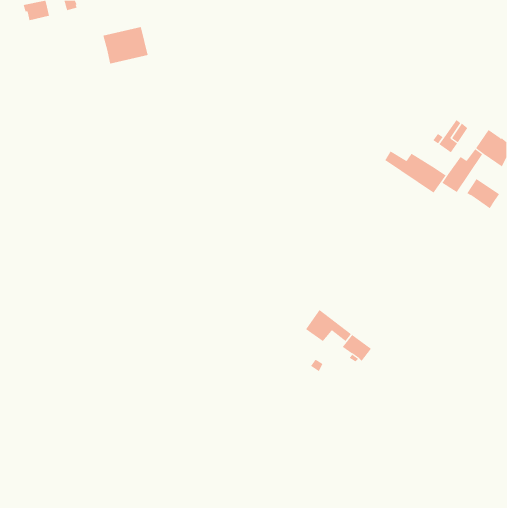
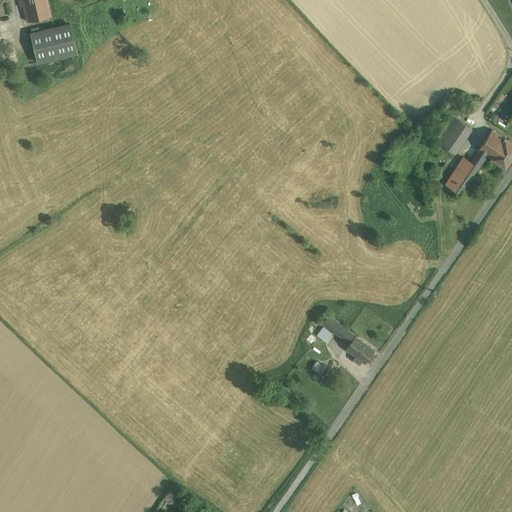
building: [103,26,148,64] -> [30,24,76,62]
building: [384,150,447,193] -> none
building: [466,178,500,209] -> none

